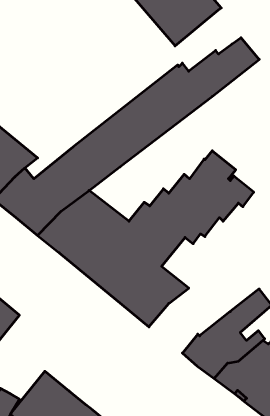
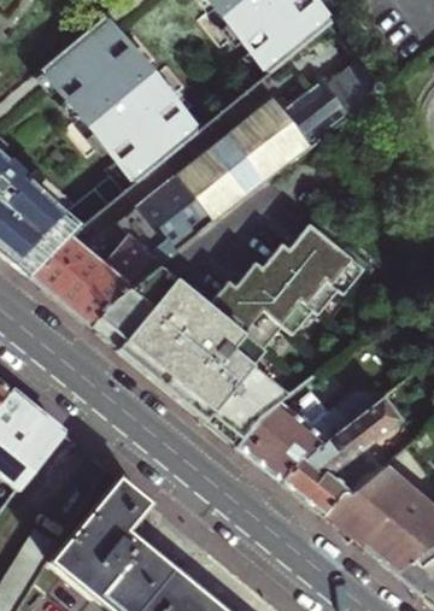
building: none -> [54,29,199,181]
building: none -> [236,372,345,481]
building: none -> [98,477,152,531]

